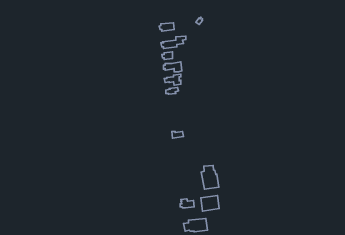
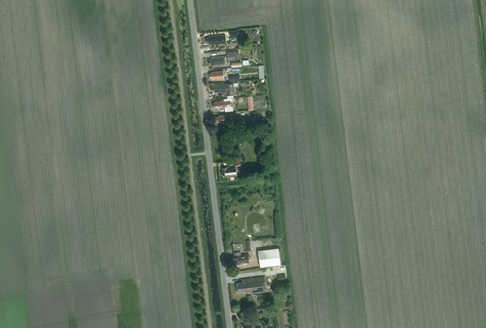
building: [201,166,219,189] -> none

